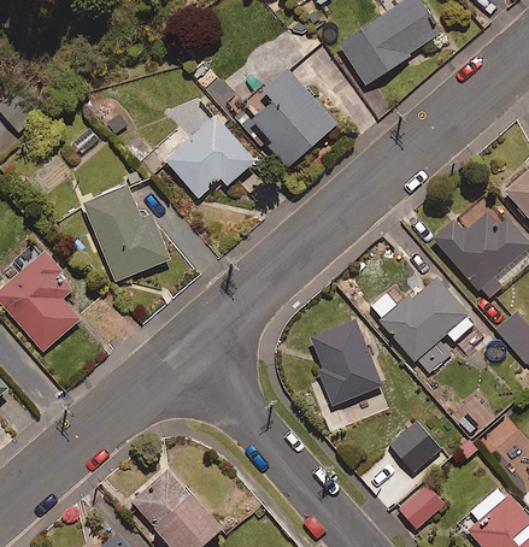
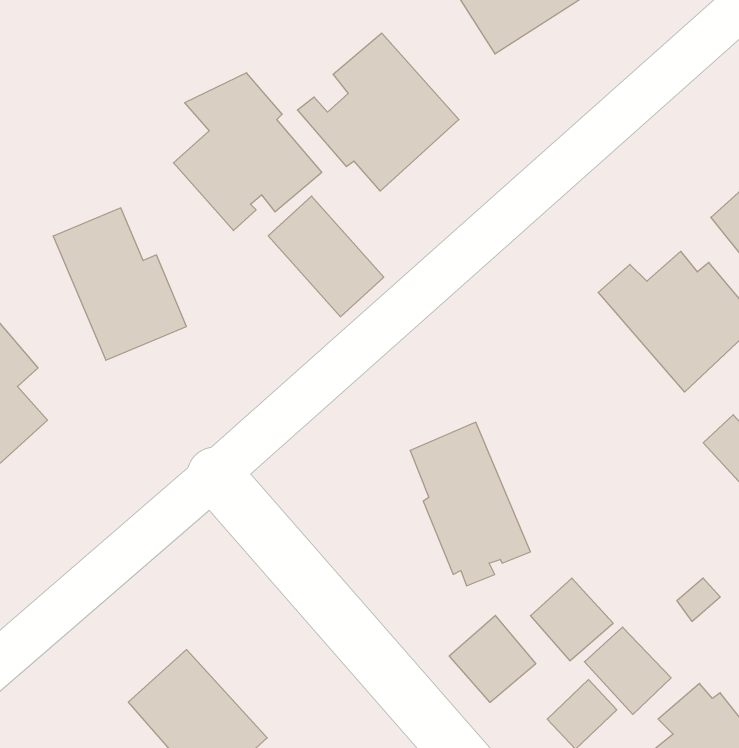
building: none -> [268,196,384,317]
building: [380,272,469,377] -> none
building: none -> [449,615,536,702]
building: none -> [584,627,671,714]

